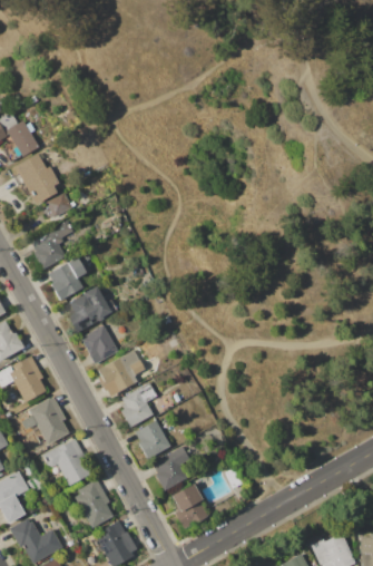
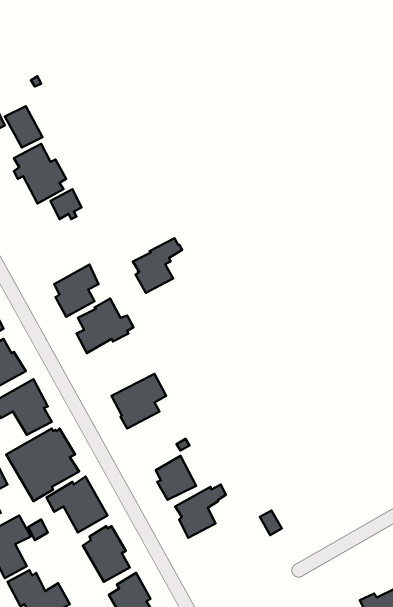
building: [31,222,73,269] -> [133,238,182,293]
building: [81,325,118,363] -> none
building: [120,381,157,428] -> none
building: [171,484,208,529] -> none

